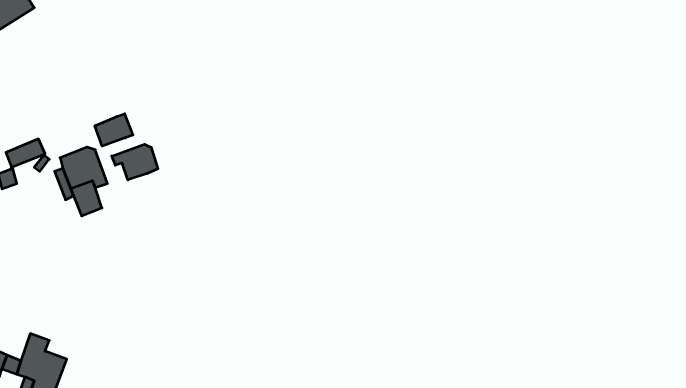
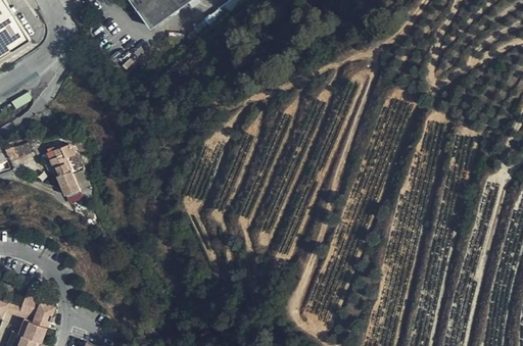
building: [95,114,133,146] -> none
building: [112,144,158,180] -> none

